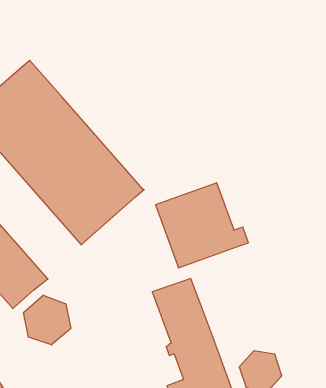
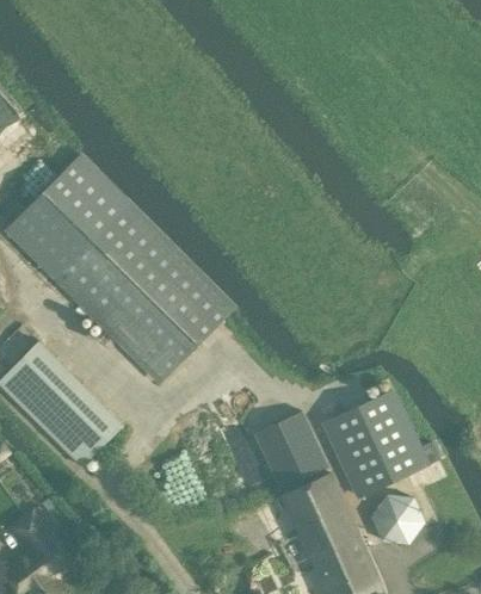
building: [156,183,248,268] -> [321,388,440,497]
building: [23,295,71,345] -> none

